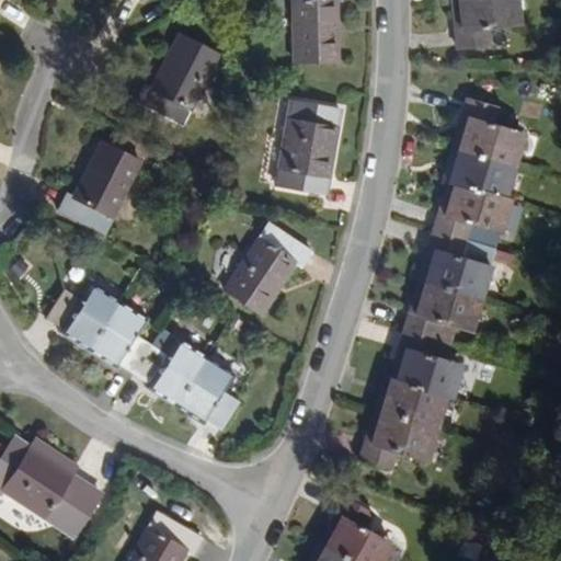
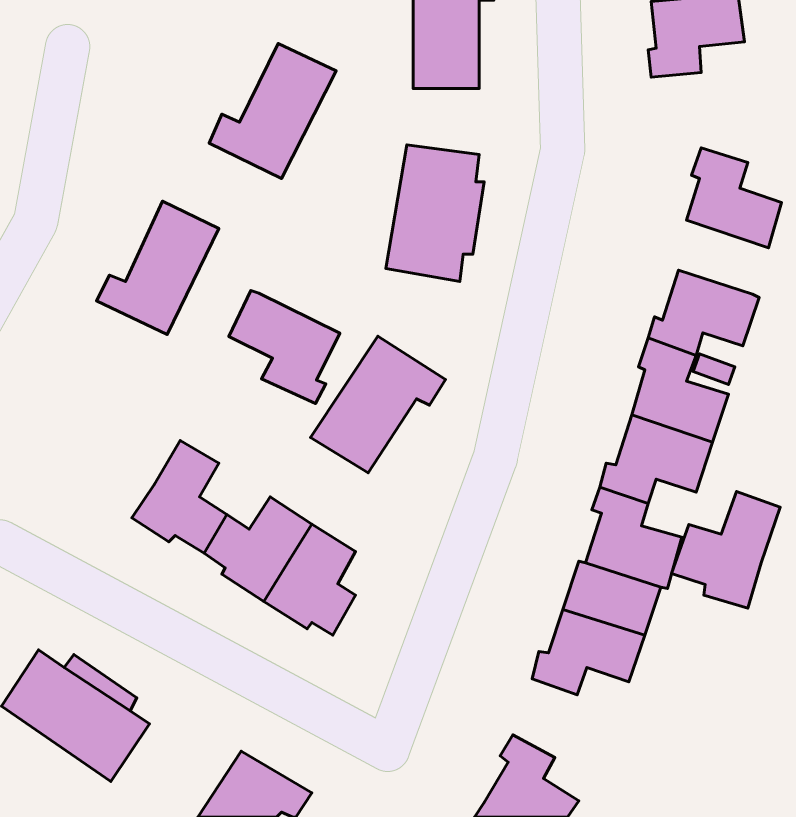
building: [457,150,524,201] -> none
building: none -> [229,291,340,403]
building: [48,282,123,353] -> none
building: none -> [672,492,780,608]

